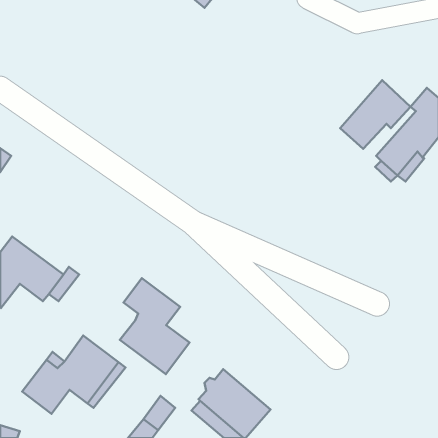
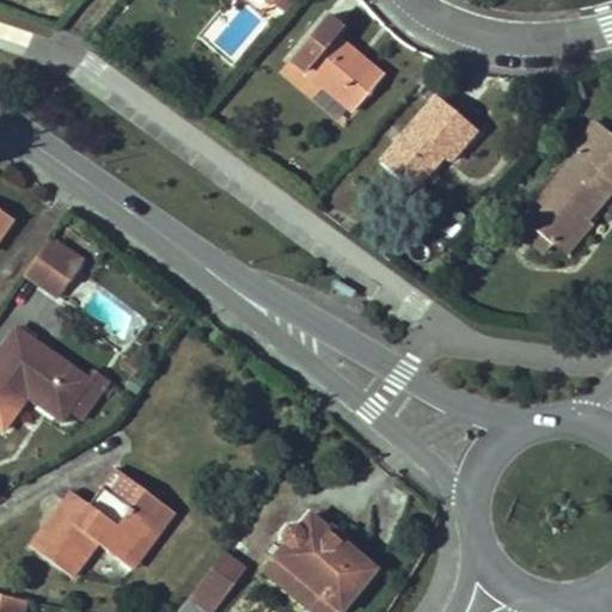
building: none -> [292,17,382,110]
building: [340,80,411,149] -> [380,94,478,190]
building: none -> [27,238,81,290]
building: [120,278,190,374] -> none

